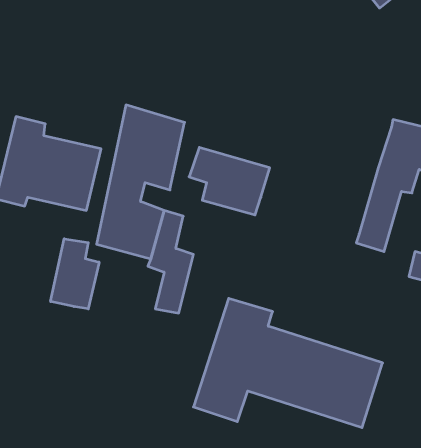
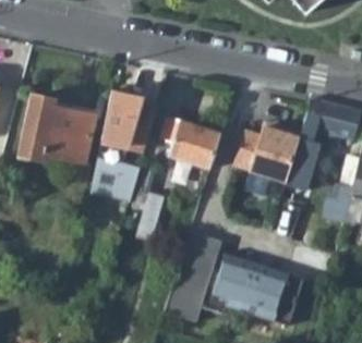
building: none -> [232,127,300,183]
building: [51,239,99,309] -> none

